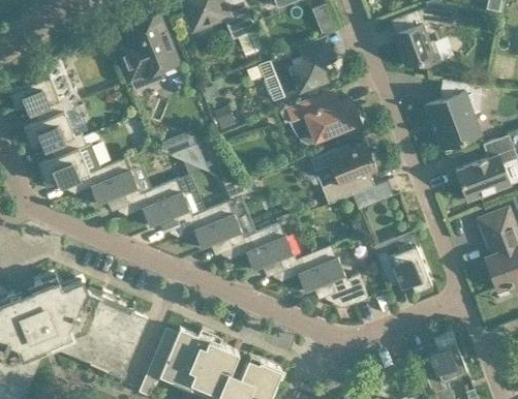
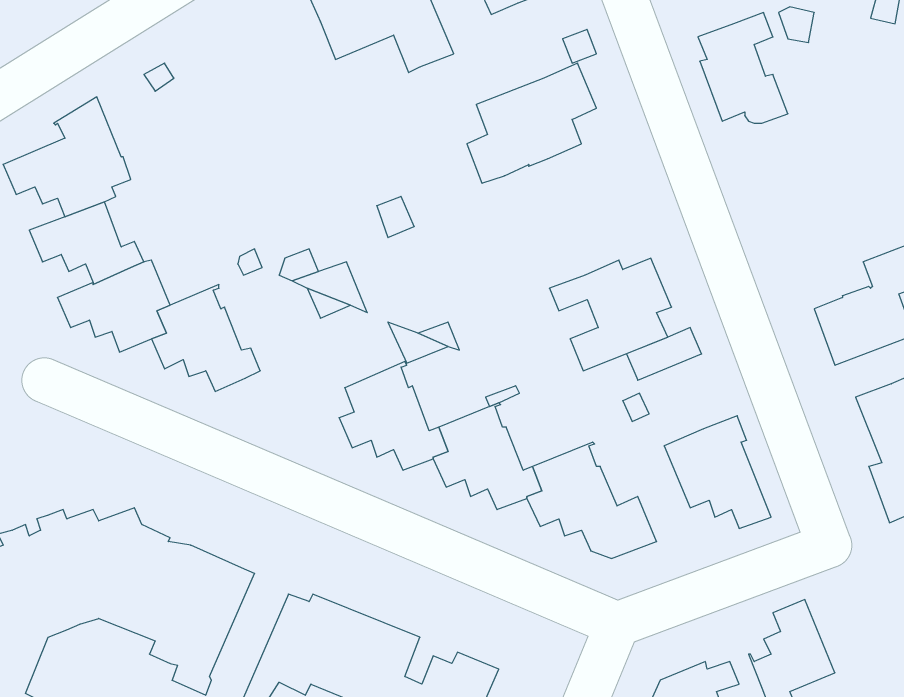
building: [116,14,179,92] -> none
building: [426,81,484,150] -> none
building: [279,89,359,141] -> none
building: [143,179,203,239] -> none

